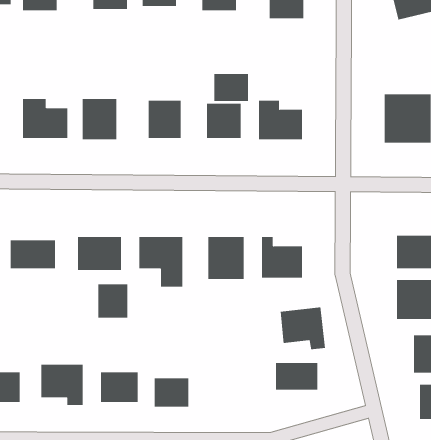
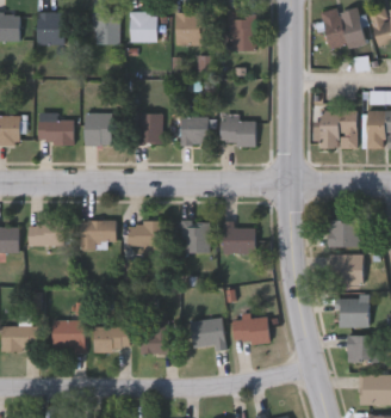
building: [214,73,249,102] -> none
building: [98,284,128,319] -> none
building: [280,307,326,350] -> [191,318,226,351]

